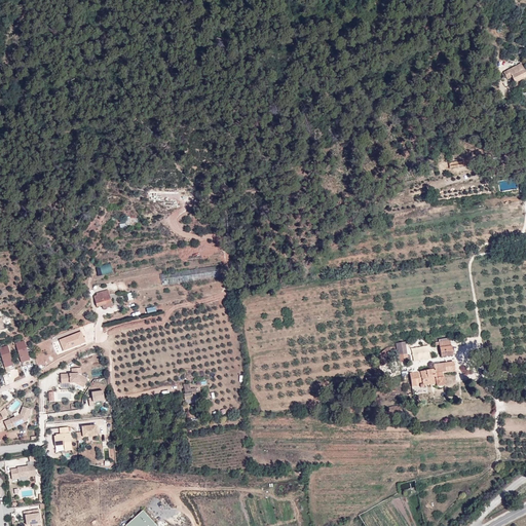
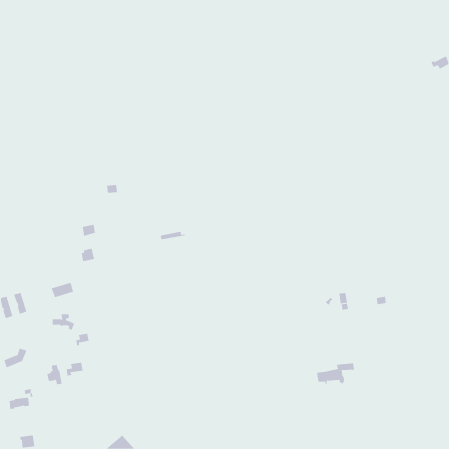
building: [410,363,455,388] -> [316,363,355,385]

